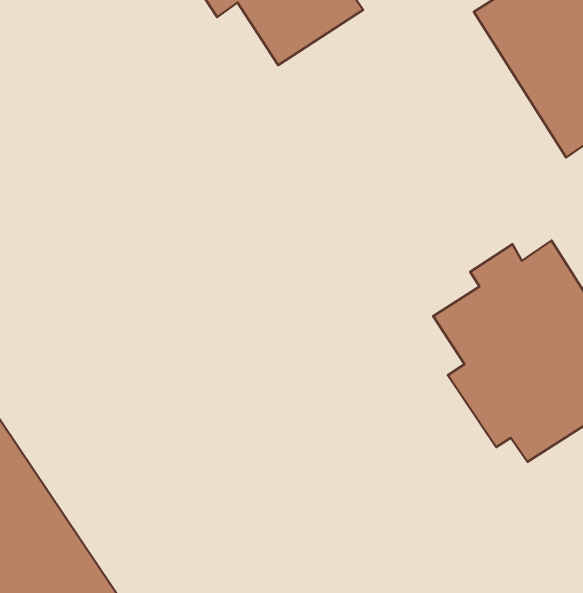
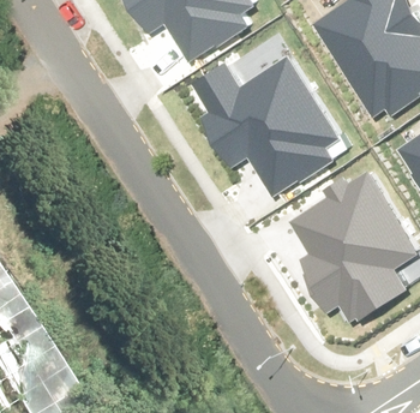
building: none -> [193,60,337,191]

